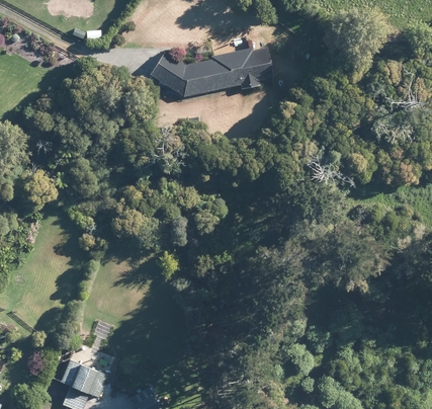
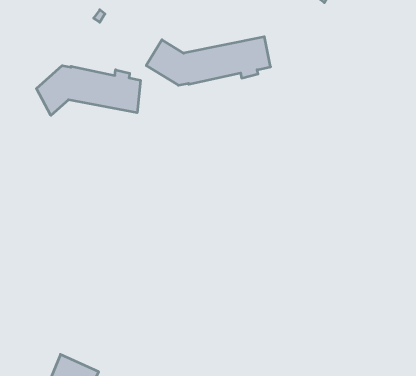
building: none -> [36,66,140,115]

